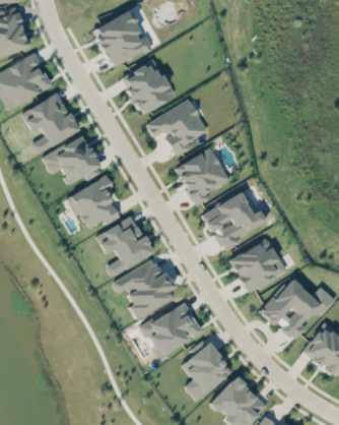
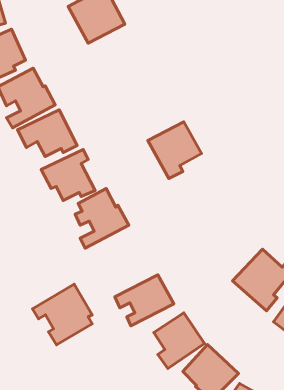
building: [122,58,176,114] -> none
building: [146,99,208,156] -> none
building: [201,192,270,251] -> none
building: [229,238,287,293] -> none
building: [112,257,173,319] -> [32,284,92,345]

